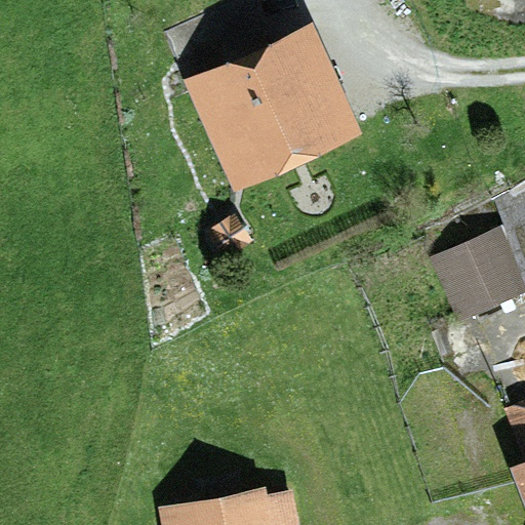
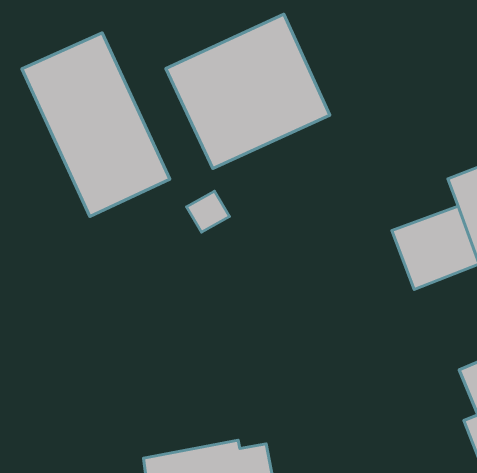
building: none -> [22,33,170,217]

